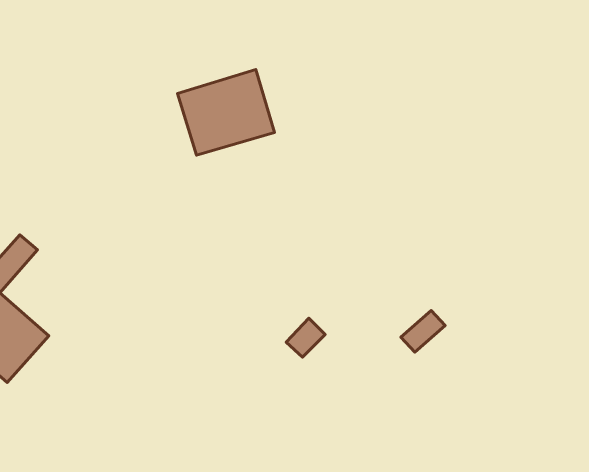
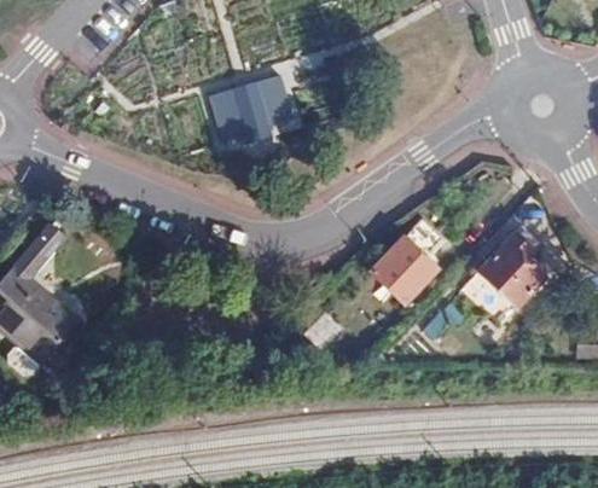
building: none -> [371,217,443,302]
building: none -> [482,227,544,308]

